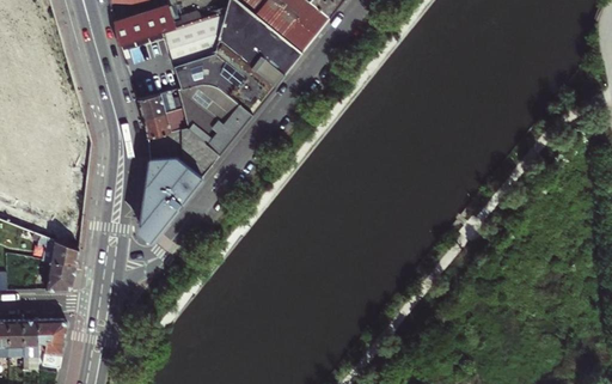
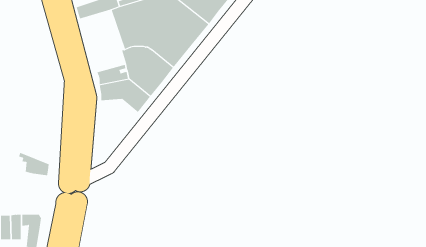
building: [136,87,183,118] -> none
building: [141,157,201,236] -> none
building: [45,261,74,289] -> none

